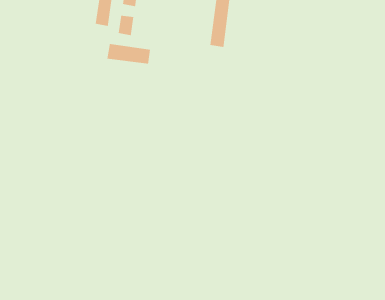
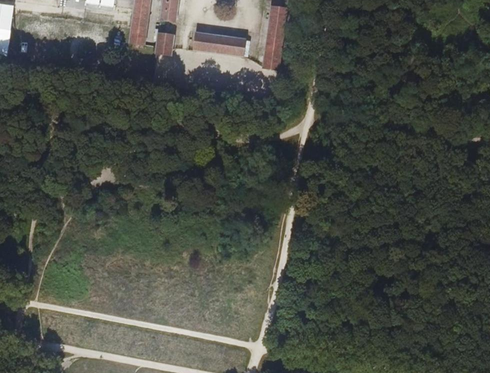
building: [107,44,151,64] -> [193,32,245,56]

